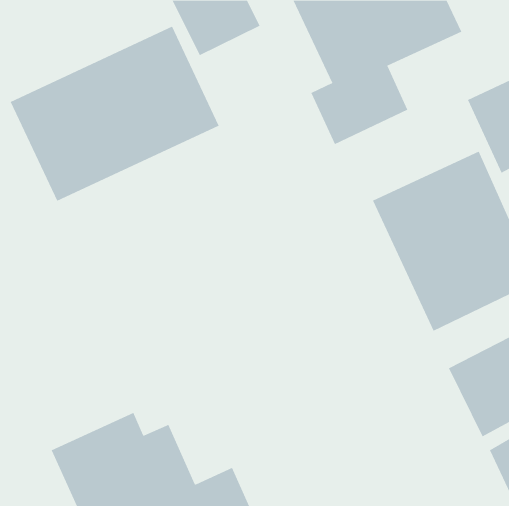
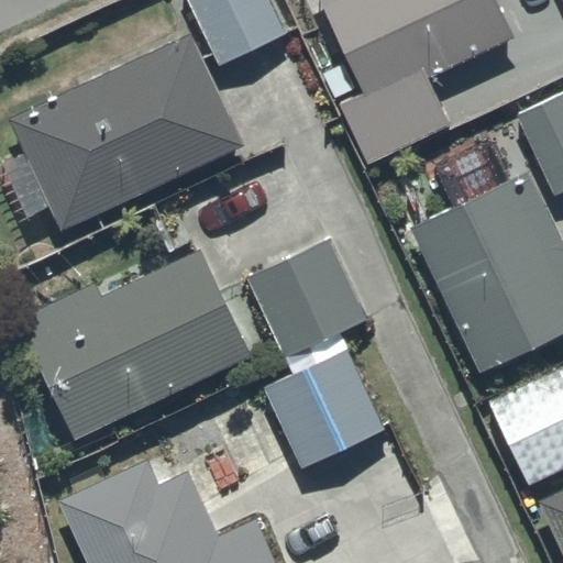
building: none -> [246,239,386,468]
building: none -> [16,249,250,438]

